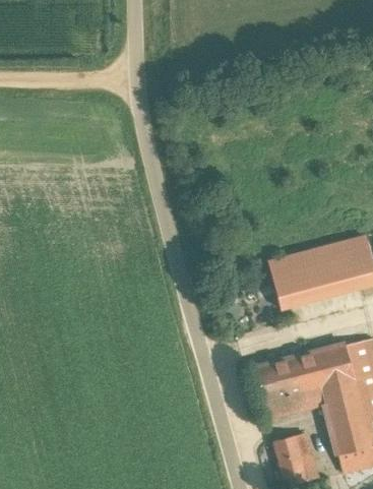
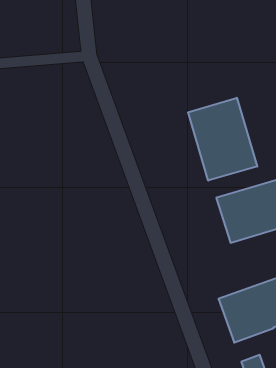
building: none -> [188,98,257,181]

